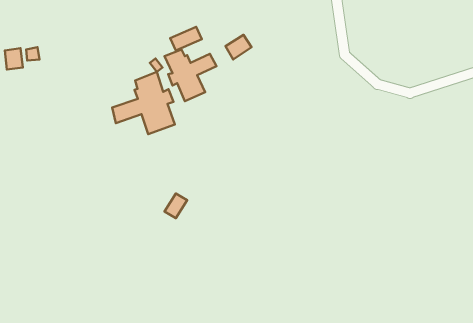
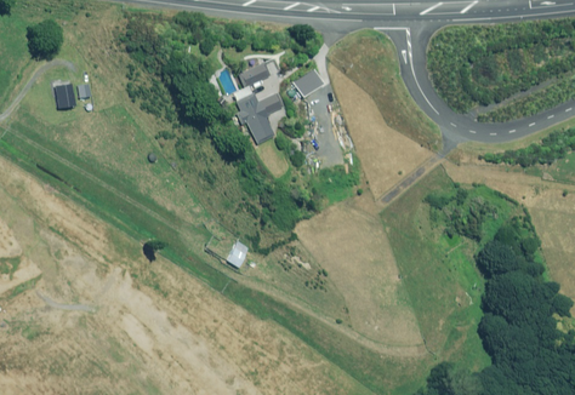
building: [112,72,175,134] -> none

